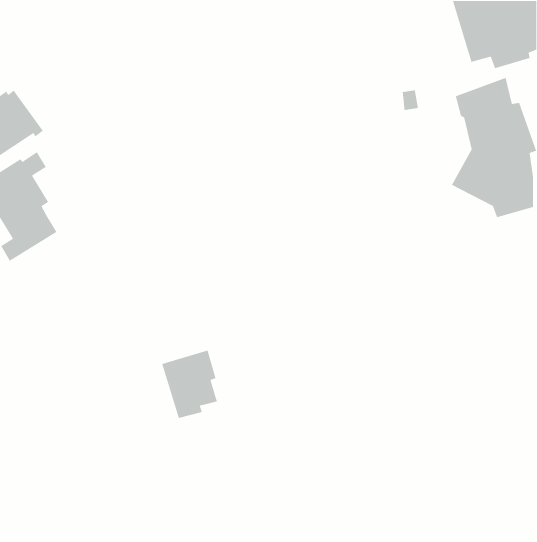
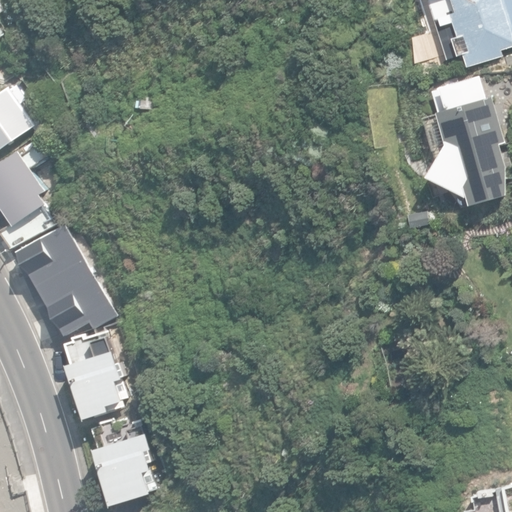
building: none -> [15,225,114,337]
building: [161,350,218,419] -> [68,352,121,417]
building: none -> [94,434,149,504]

